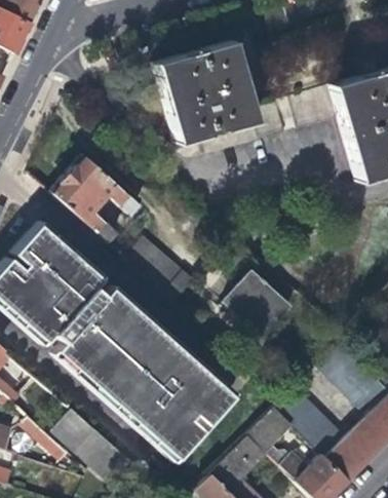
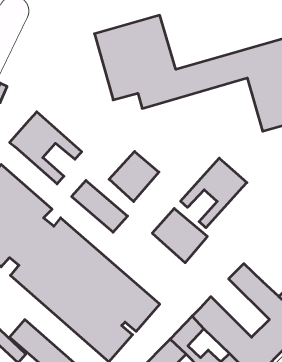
building: none -> [109,151,159,202]
building: none -> [181,158,247,228]

